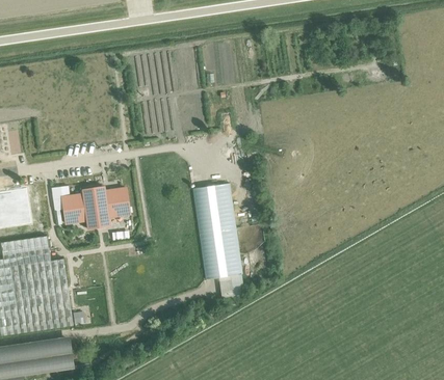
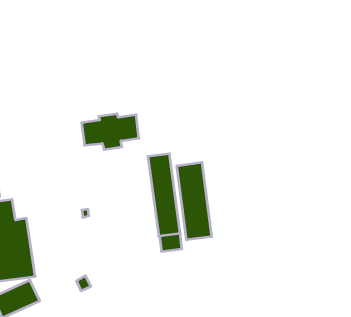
building: [61,187,128,228] -> [82,114,139,150]
building: none -> [177,162,212,240]

